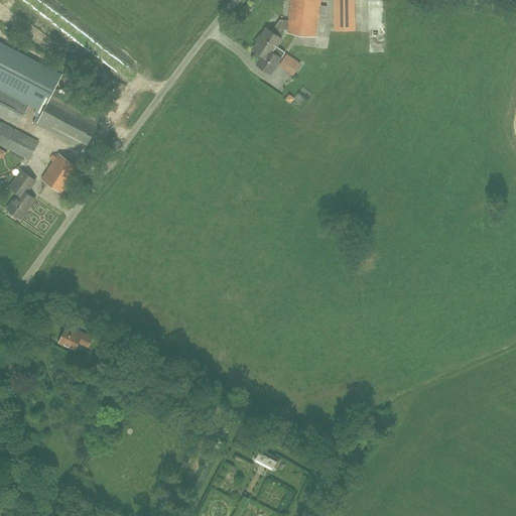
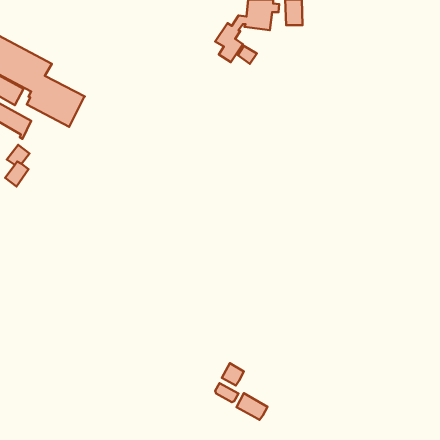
building: [40,152,80,192] -> none
building: [57,327,90,349] -> none
building: none -> [222,363,244,385]
building: none -> [236,393,267,420]

